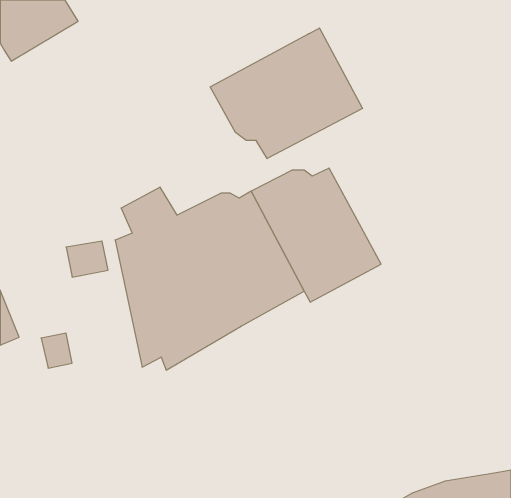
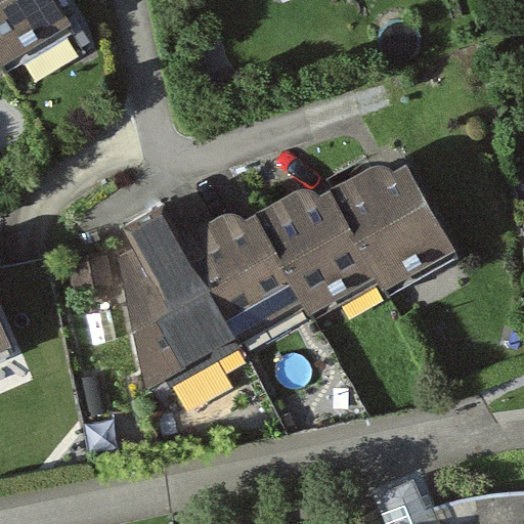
building: [210,28,362,159] -> none
building: none -> [337,164,456,289]

